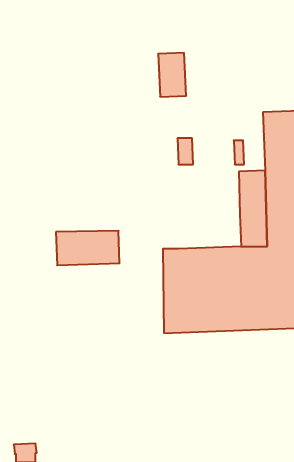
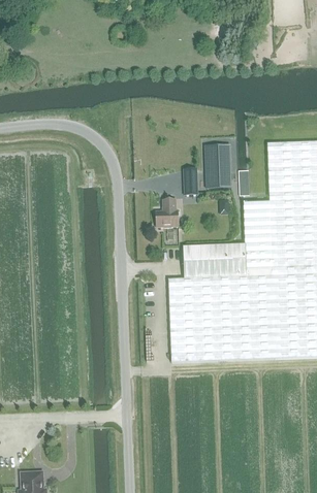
building: [158,53,186,97] -> [204,143,232,187]
building: none -> [156,198,179,226]
building: [56,231,120,265] -> [183,243,246,277]

